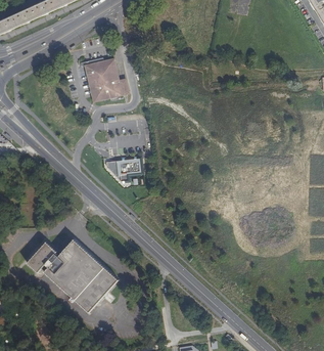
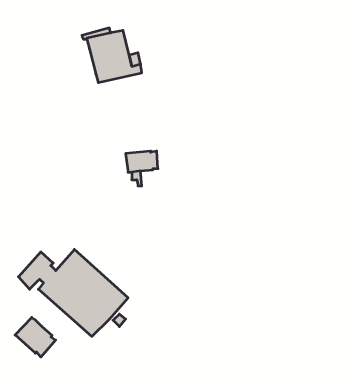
building: none -> [15,317,56,357]

